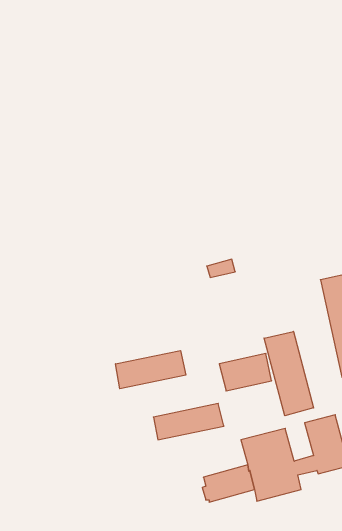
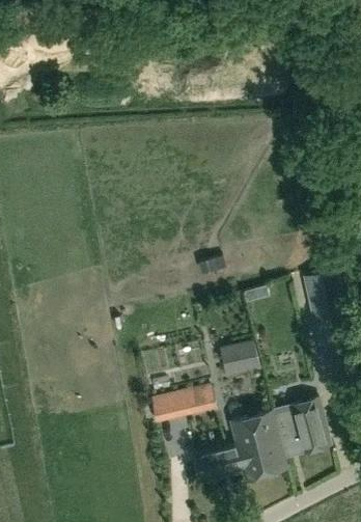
building: [264,331,314,416] -> none
building: [116,351,186,389] -> none

